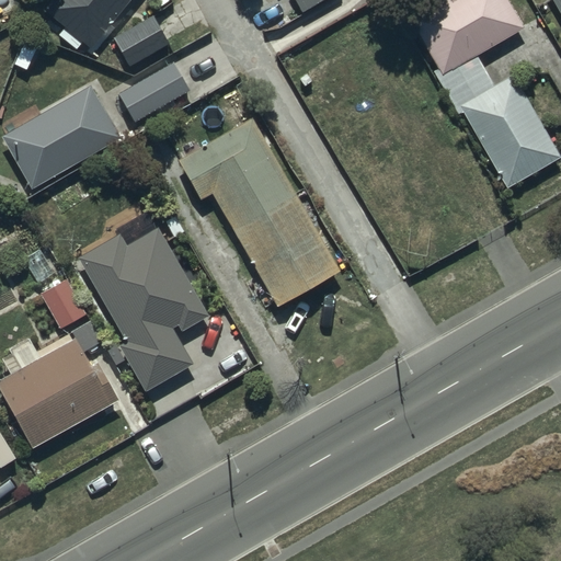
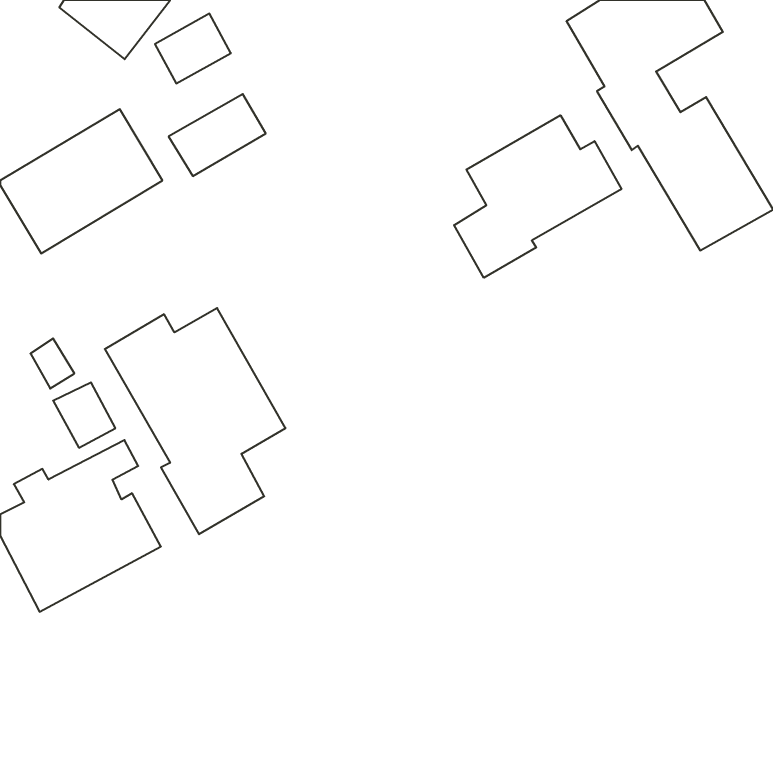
building: none -> [454,115,621,278]
building: [178,118,340,305] -> none

